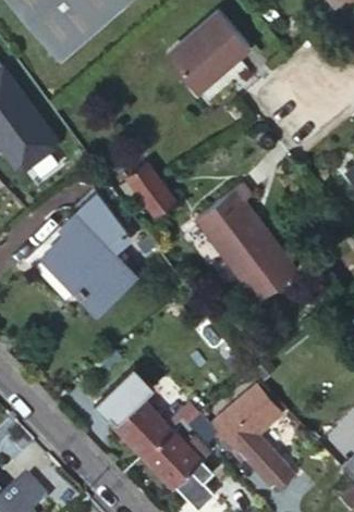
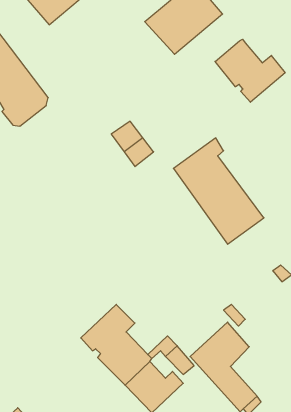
building: none -> [215,39,285,102]
building: [45,197,134,313] -> none

